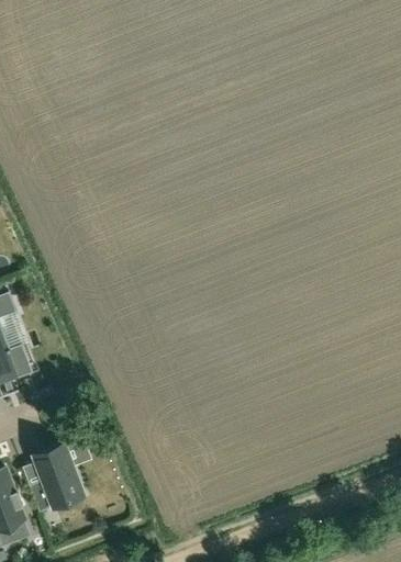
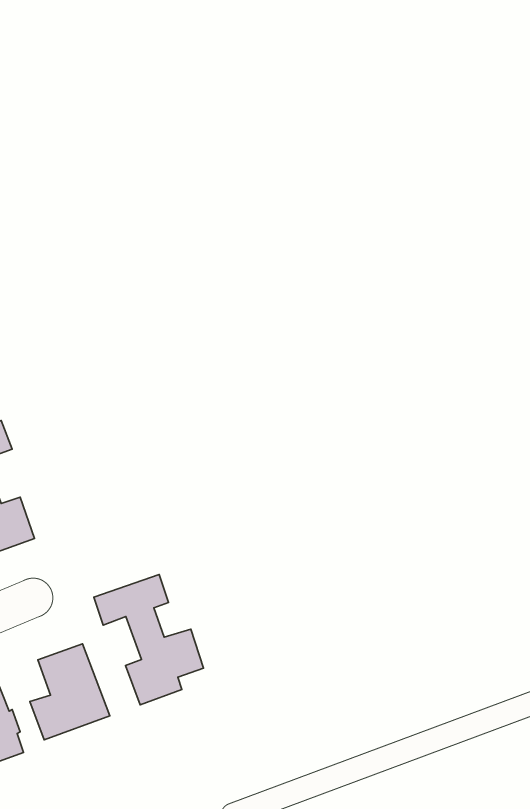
building: none -> [94,575,203,705]

